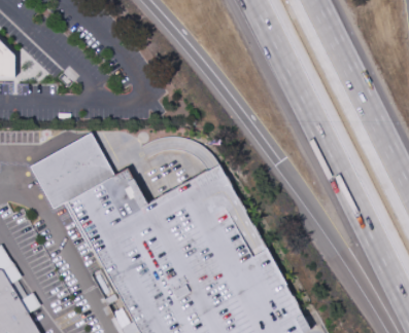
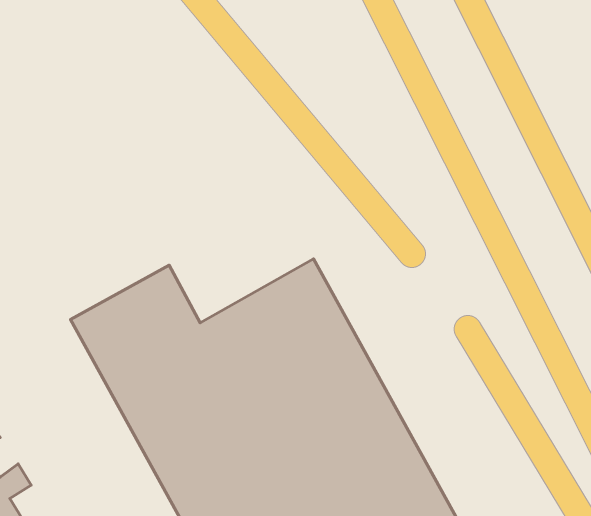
building: [29,134,114,211] -> none

